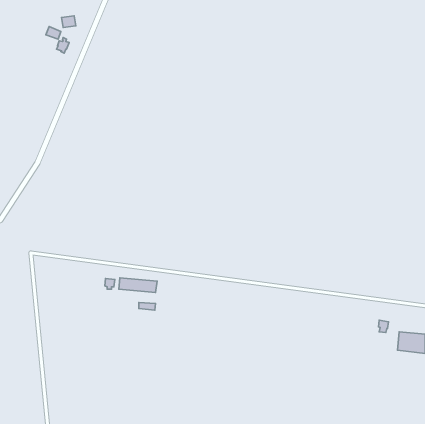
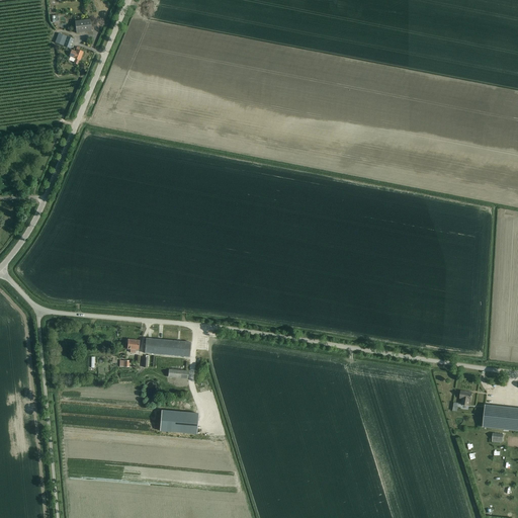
building: none -> [161,410,198,433]

